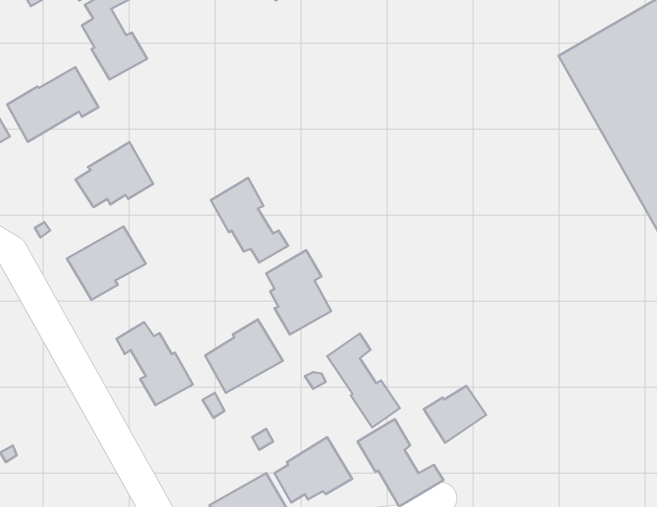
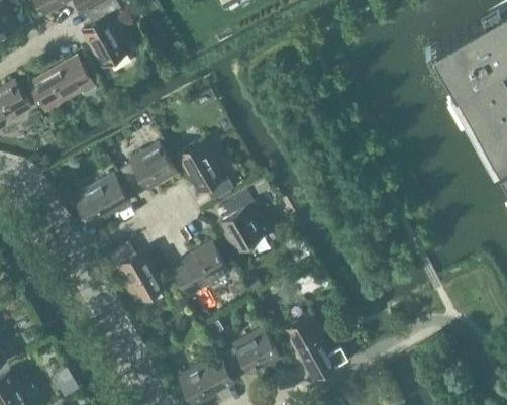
building: [75,142,153,207] -> [120,142,177,190]
building: [327,333,400,427] -> none
building: [424,386,486,443] -> none

